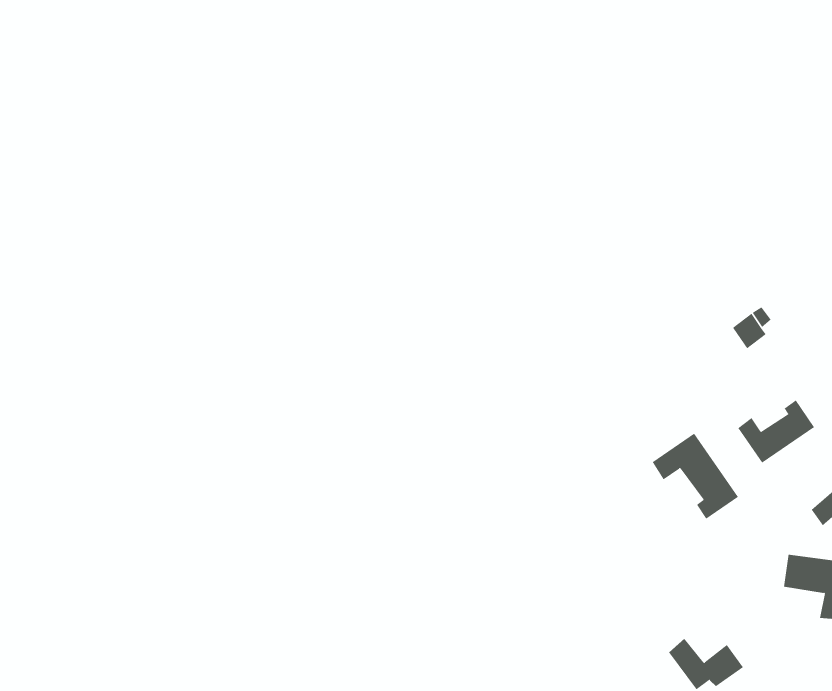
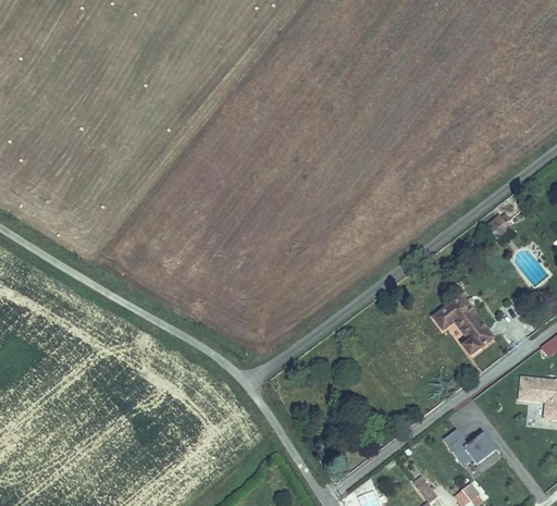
building: [737,400,815,464] -> none

